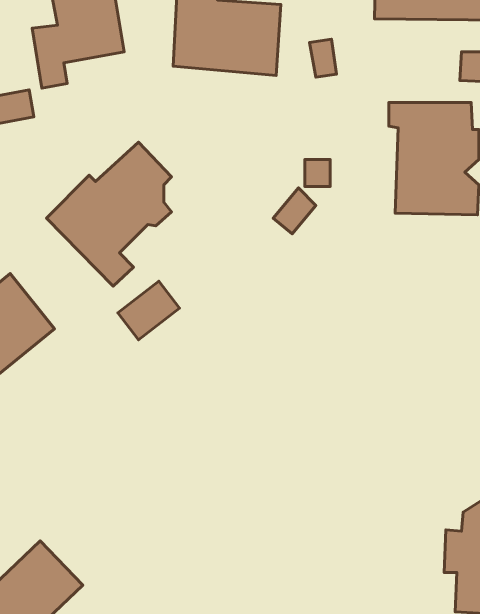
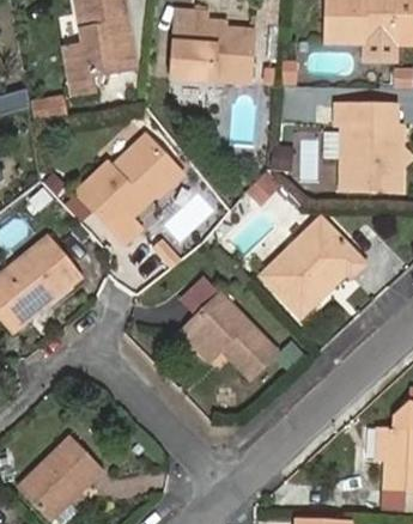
building: none -> [261,217,365,316]
building: none -> [181,292,277,378]

